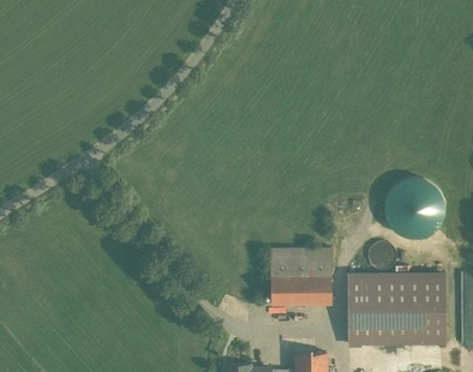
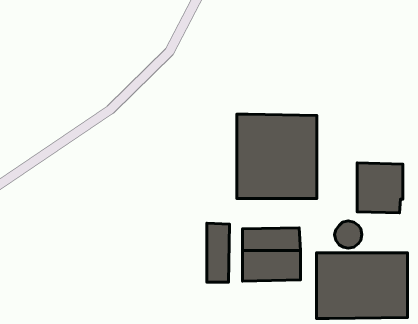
building: none -> [237,114,317,199]
building: none -> [207,223,230,282]

